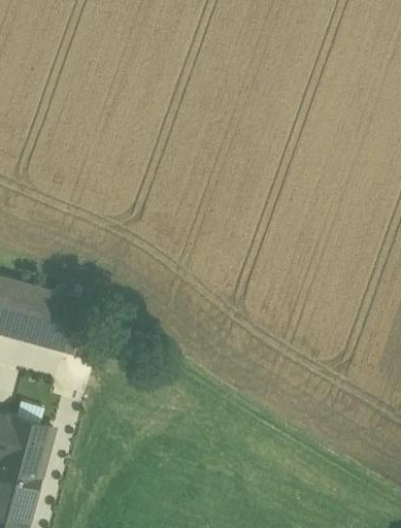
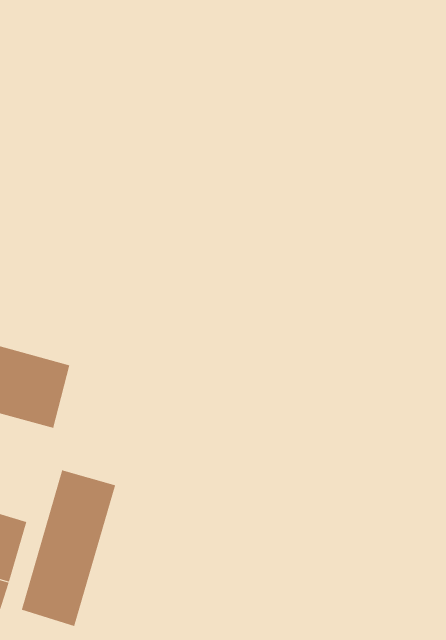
building: none -> [21,470,116,627]

